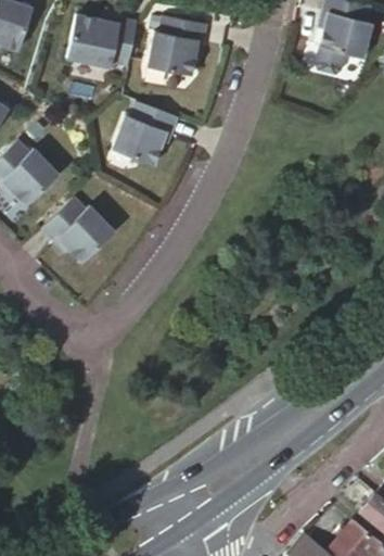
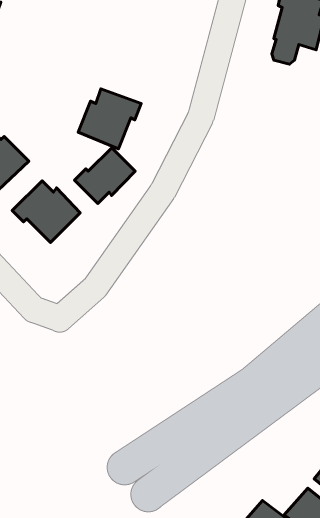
building: [68,11,141,66] -> none
building: [146,16,206,76] -> none
building: none -> [75,148,135,203]

